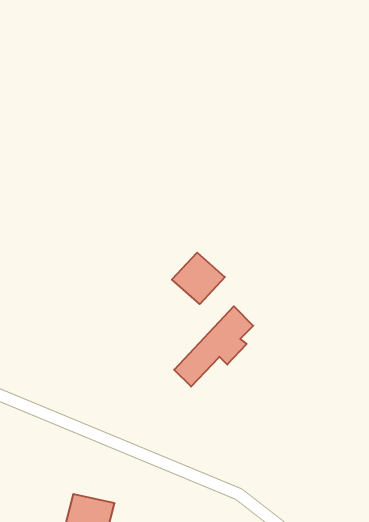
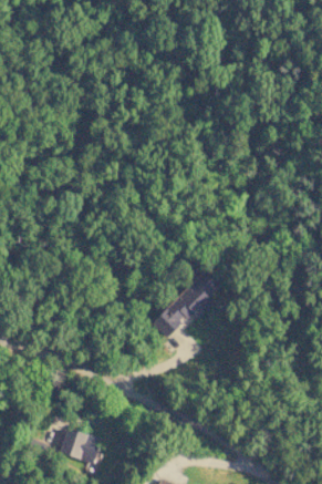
building: [172,253,225,304] -> none

